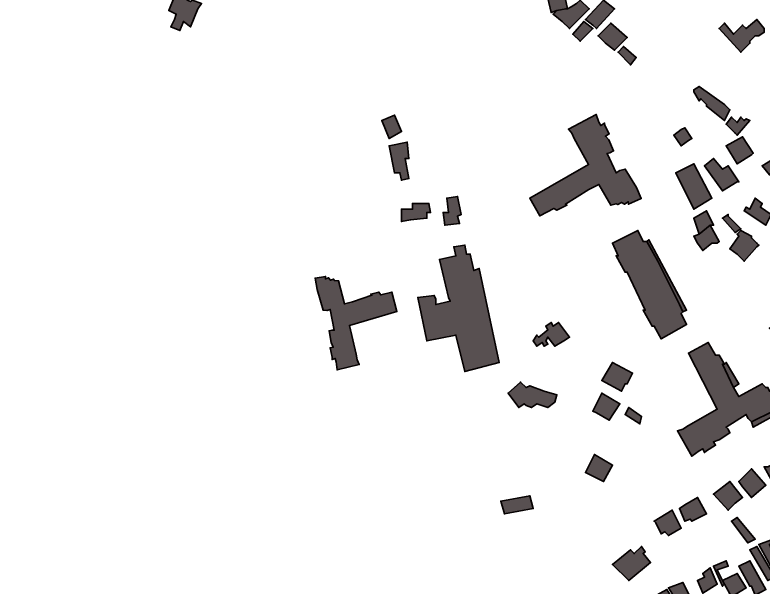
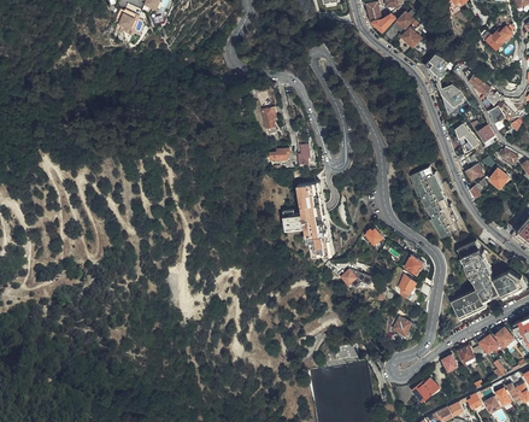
building: [530,115,641,216] -> none
building: [315,277,397,370] -> none

